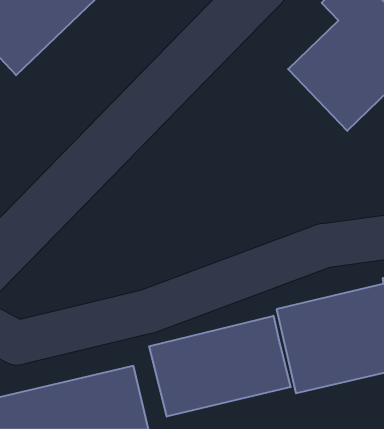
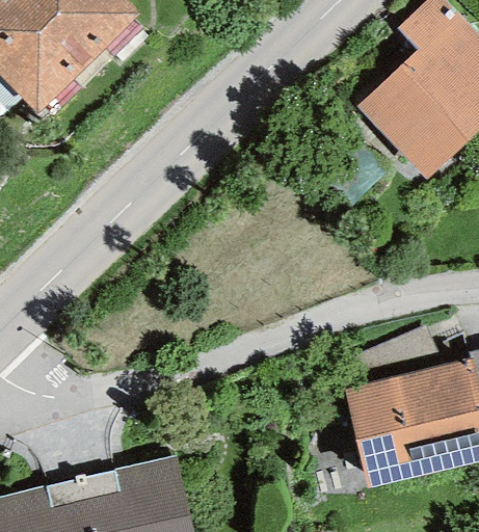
building: [149,316,291,417] -> none

